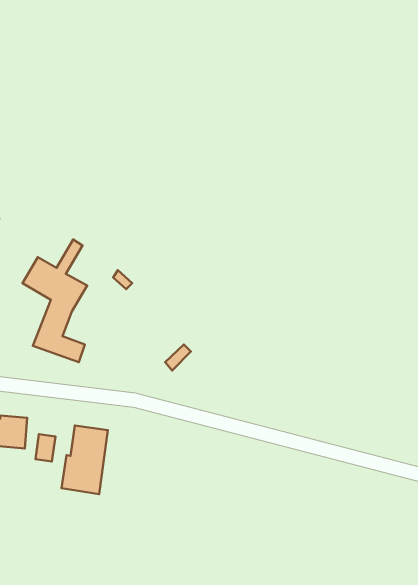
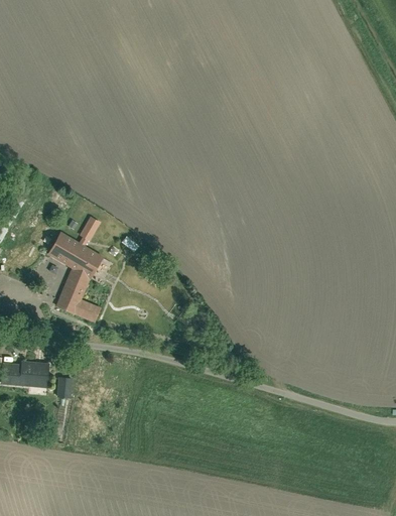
building: [62,426,108,494] -> none

